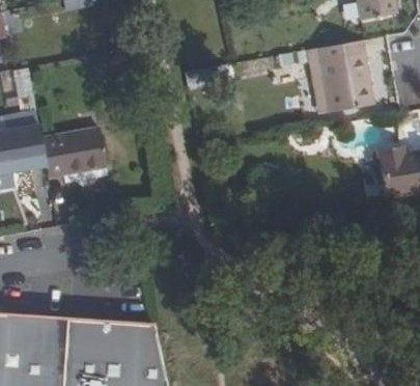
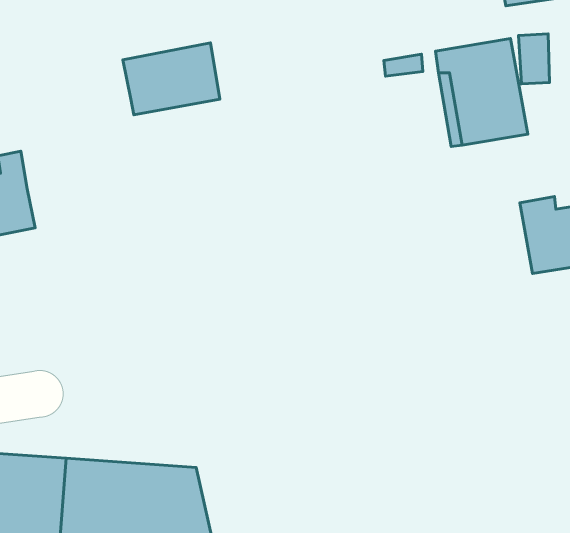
building: [41,129,106,176] -> [123,43,220,115]

